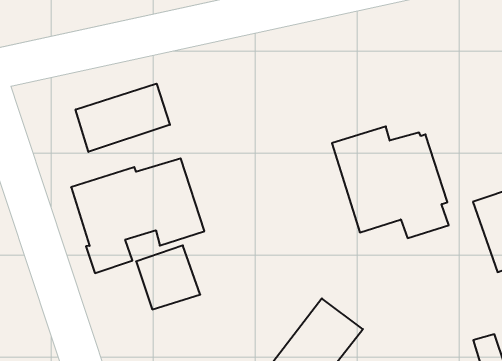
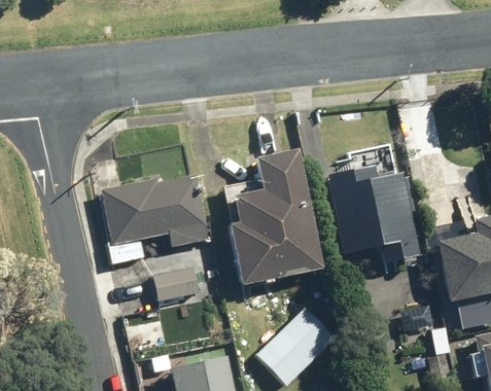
building: [76,84,170,152] -> none
building: none -> [226,150,321,287]

